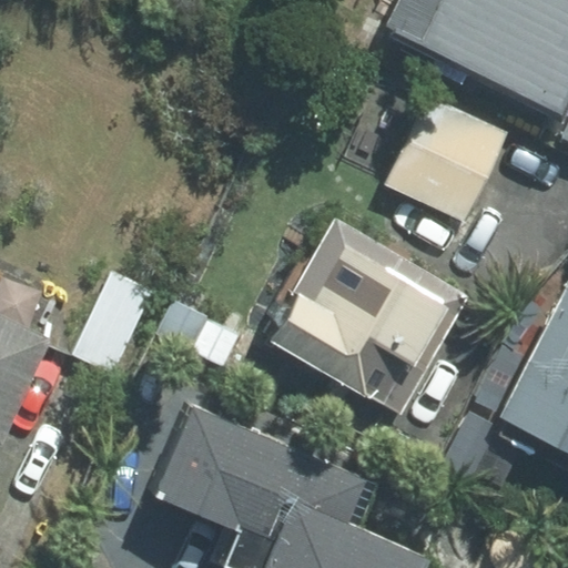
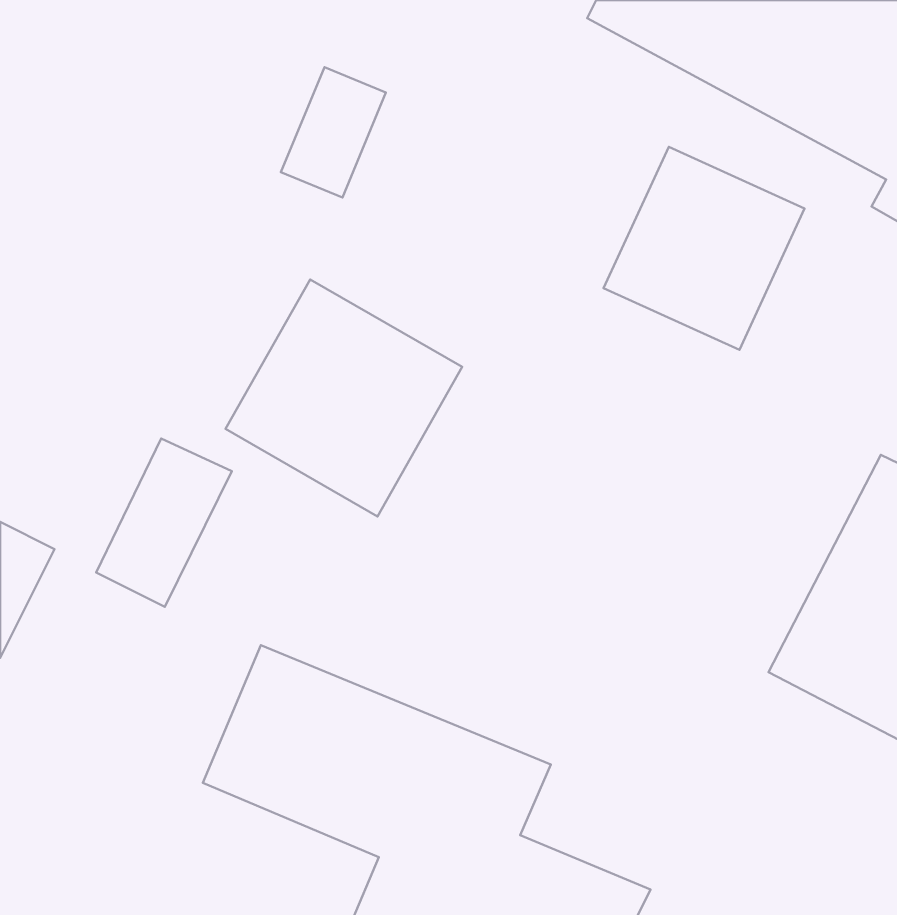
building: none -> [225,279,462,516]
building: [261,217,466,417] -> none

